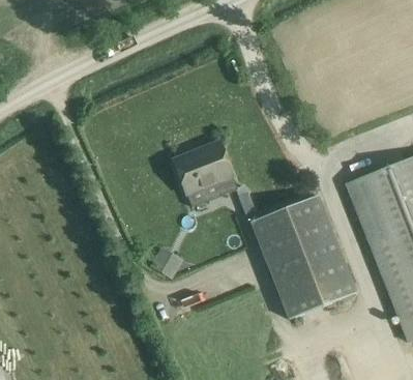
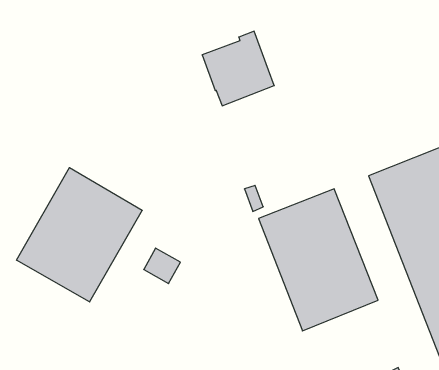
building: [174,140,237,205] -> [202,31,274,106]
building: none -> [17,168,142,302]

